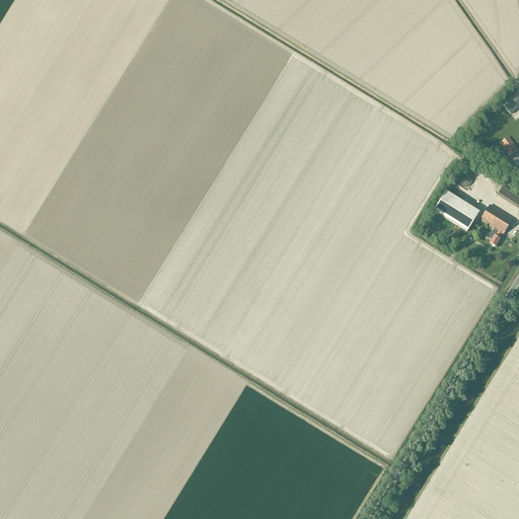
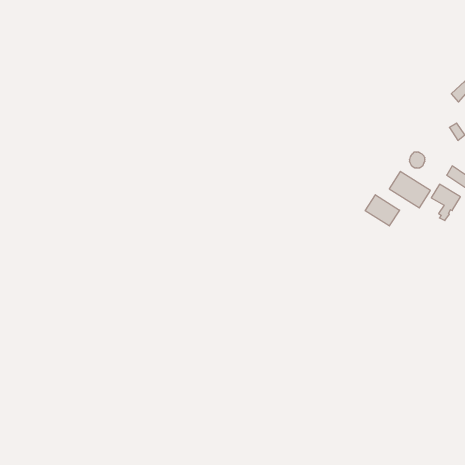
building: none -> [365,195,400,226]

